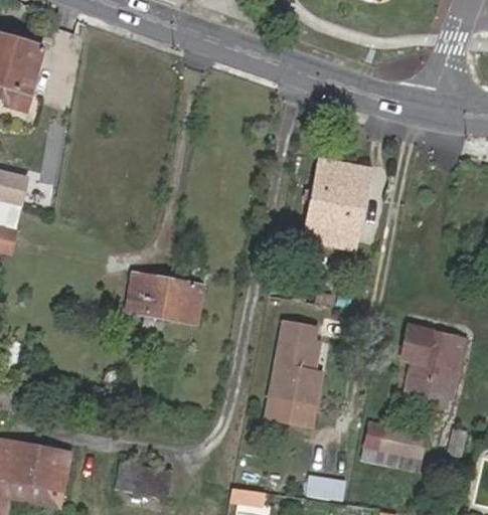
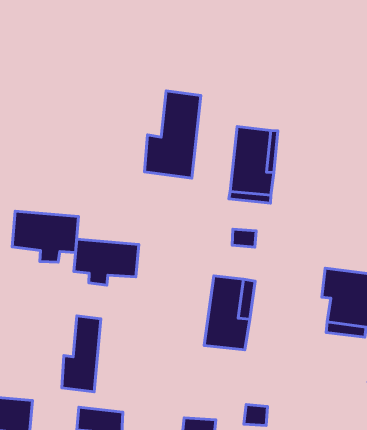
building: none -> [145,91,201,178]
building: none -> [12,211,78,262]
building: none -> [62,316,101,392]
building: [378,427,424,458] -> none

